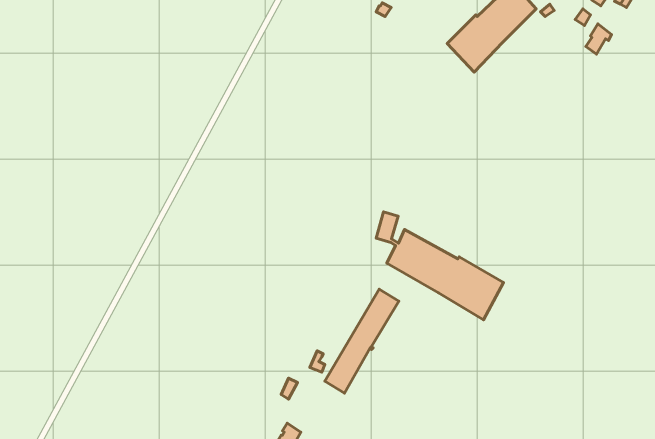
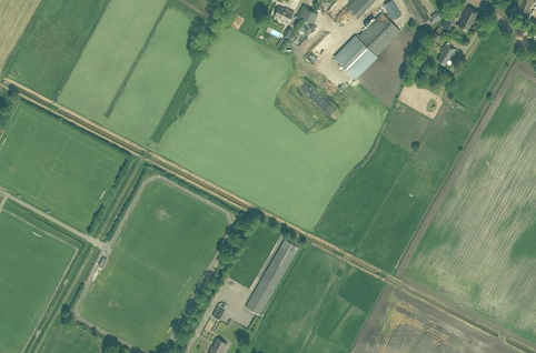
building: [376,212,504,320] -> none

